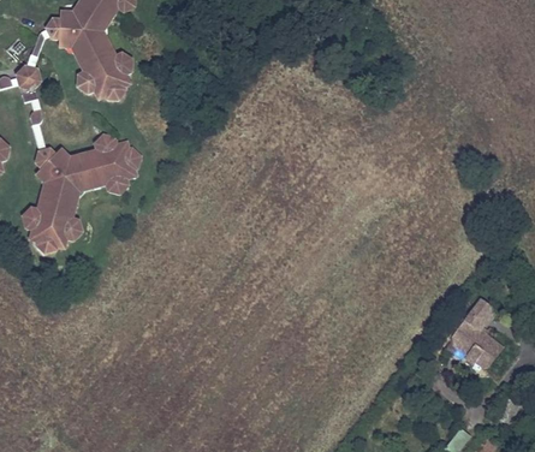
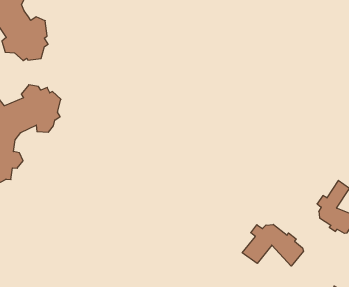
building: none -> [242,224,304,266]

